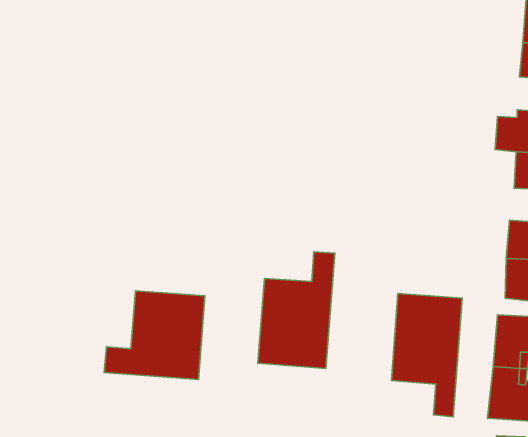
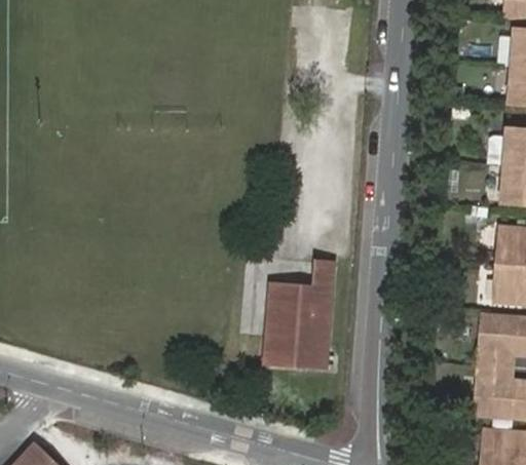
building: [104,291,205,380] -> none
building: [391,293,462,417] -> none

